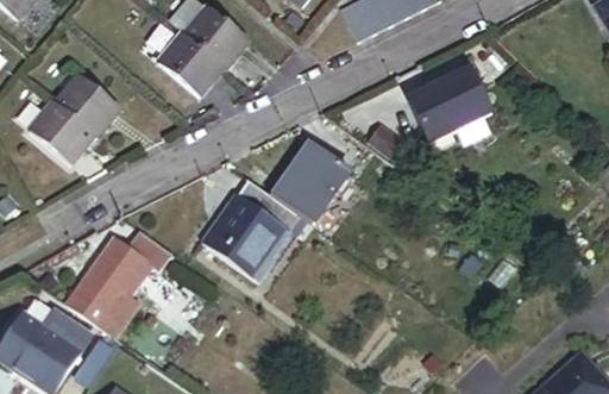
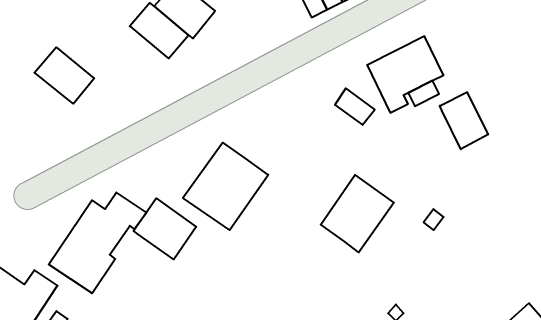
building: [30,101,92,160] -> none
building: none -> [440,92,488,149]
building: [281,143,359,226] -> [321,175,394,252]
building: none -> [134,198,196,259]

